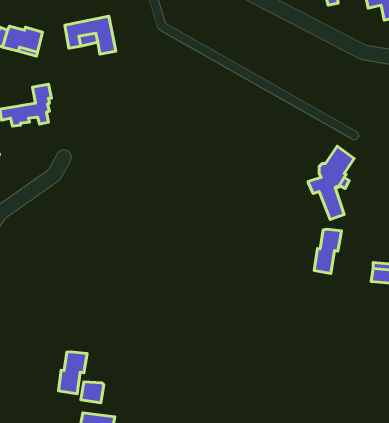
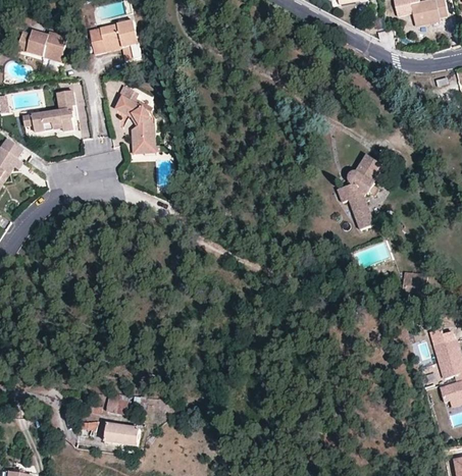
building: none -> [114,85,155,147]
building: [314,229,341,273] -> none
building: [58,352,87,394] -> none

